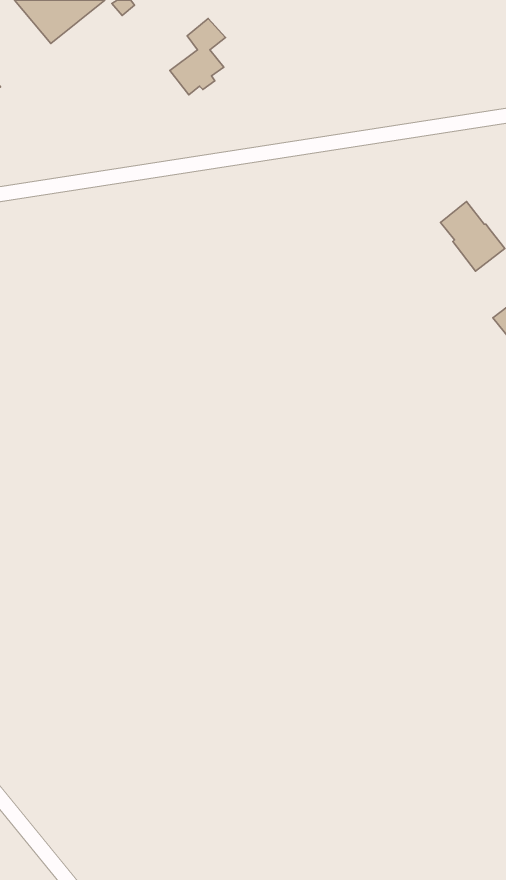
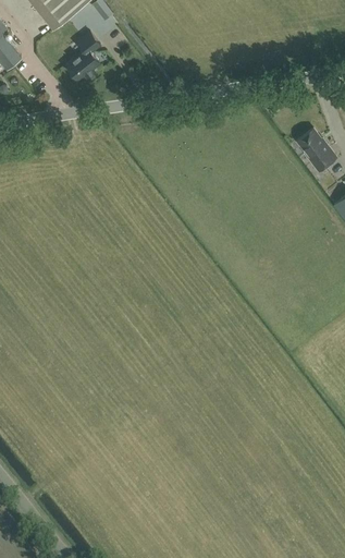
building: [170,18,225,95] -> [67,33,102,81]

